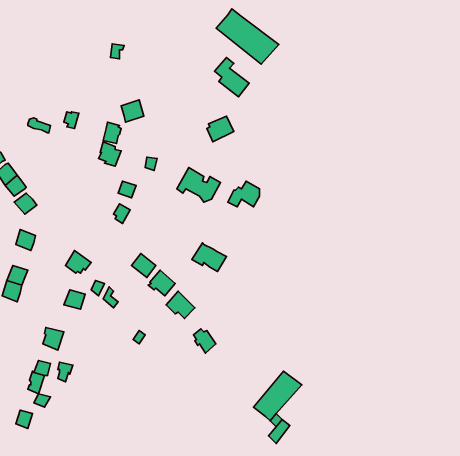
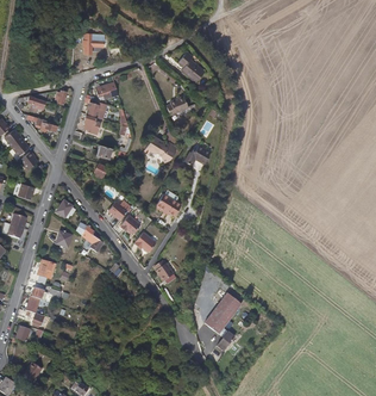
building: [216,9,279,64] -> none

